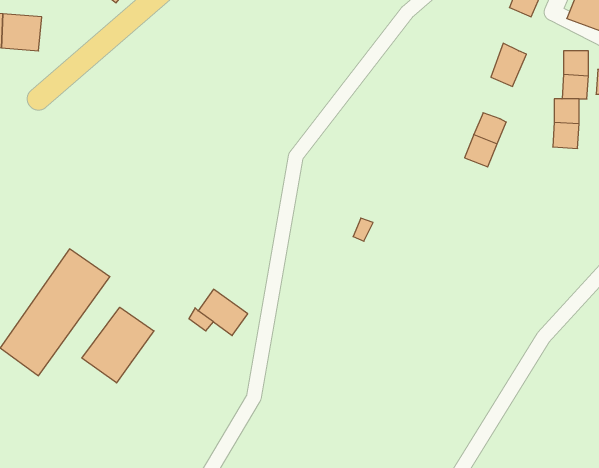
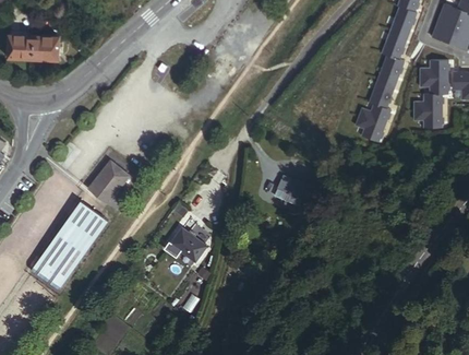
building: none -> [381,28,406,59]
building: none -> [368,78,393,107]
building: none -> [88,158,130,202]
building: [82,307,154,383] -> none

